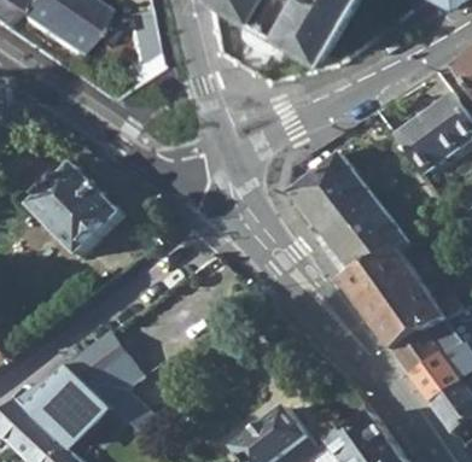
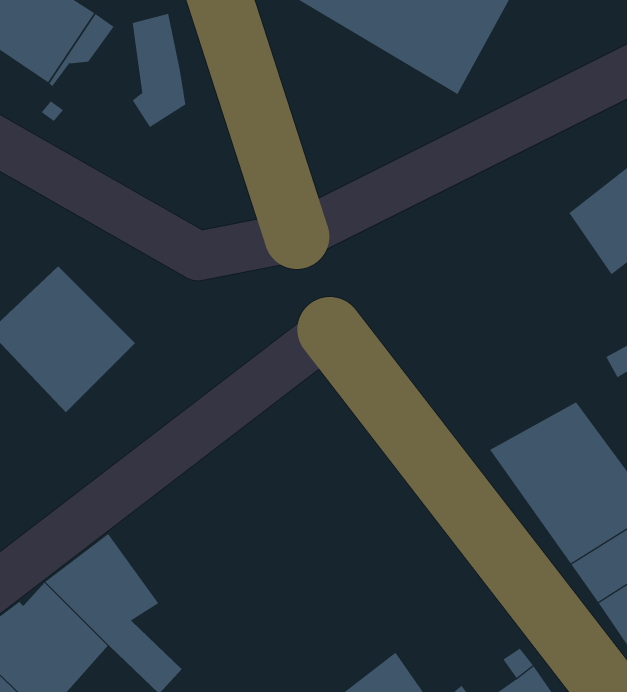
building: [289,160,401,281] -> none

